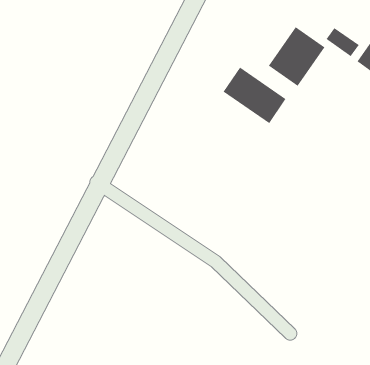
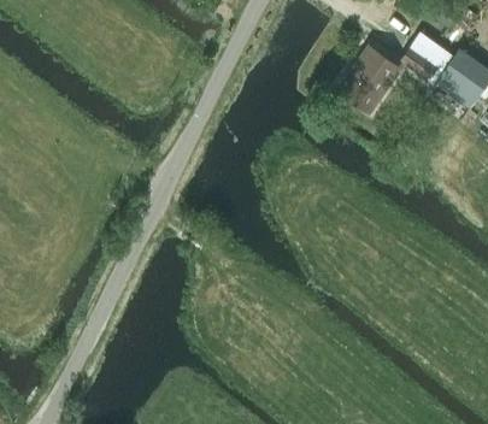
building: [222,66,287,124] -> none

